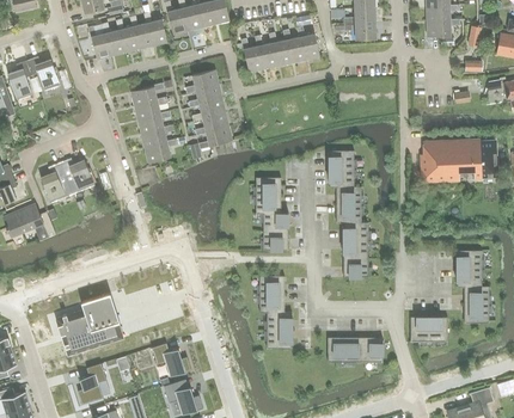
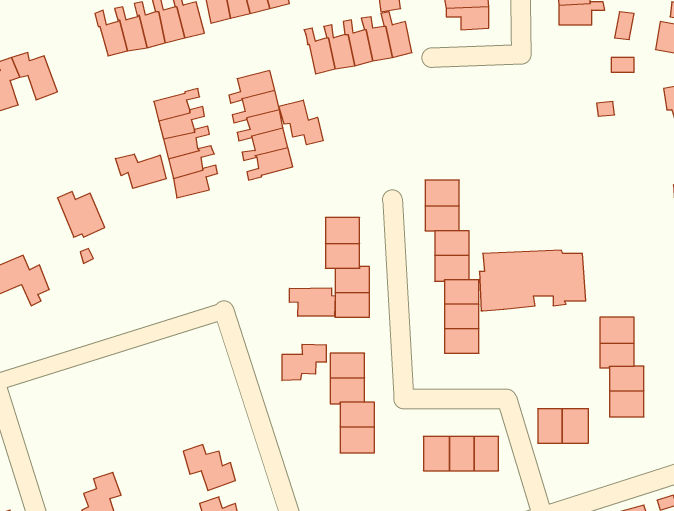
building: none -> [279,100,323,145]
building: none -> [115,154,166,188]
building: [420,139,497,183] -> [479,250,586,311]
building: [39,162,73,203] -> none
building: none -> [289,288,335,316]
building: none -> [282,344,326,381]
building: [55,293,123,356] -> none

